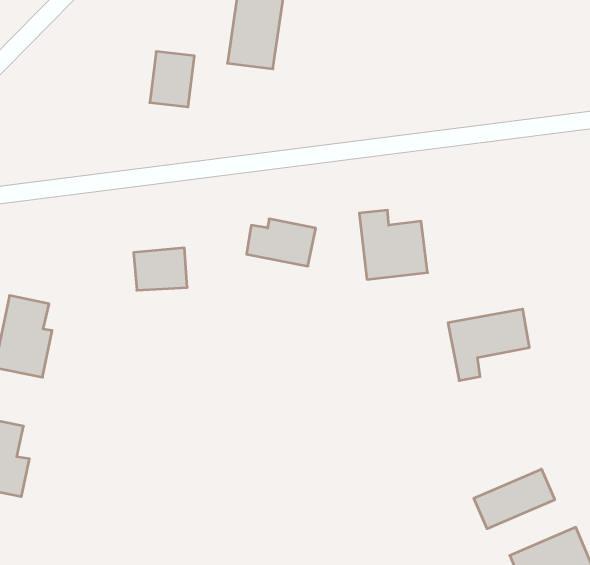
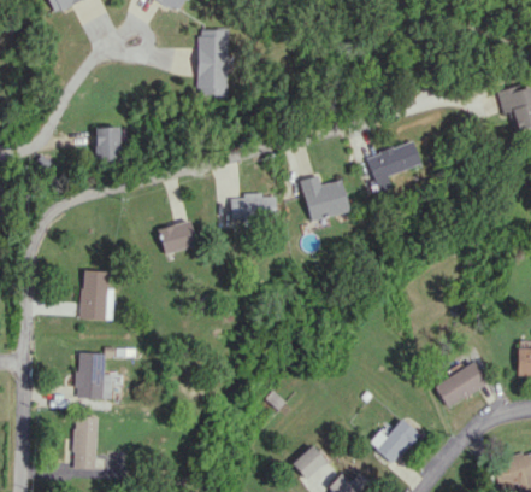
building: [150,52,194,107] -> [95,127,122,162]
building: [448,309,529,381] -> [365,140,420,193]
building: [474,469,555,529] -> none

